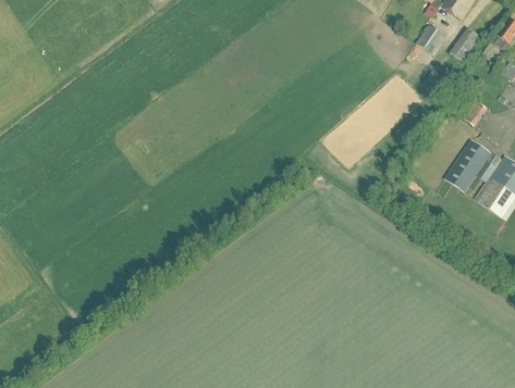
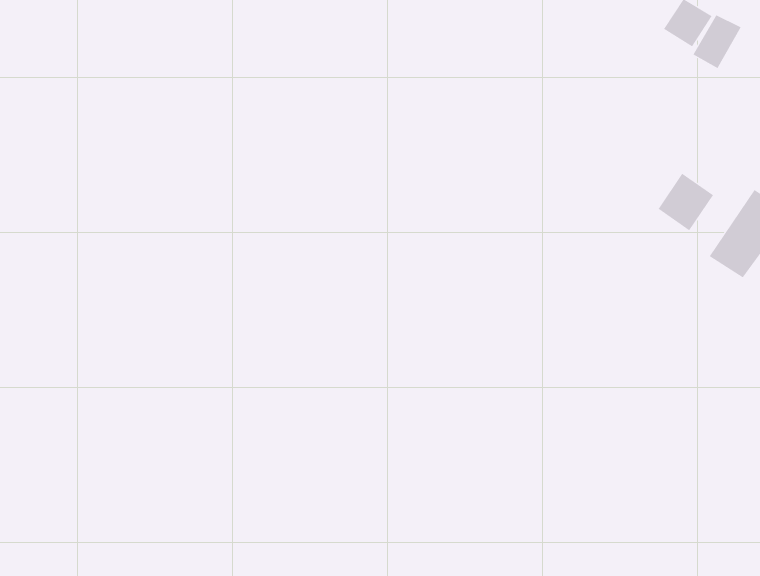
building: none -> [658,173,714,231]

